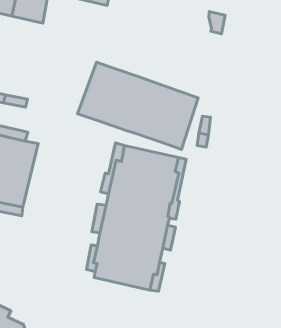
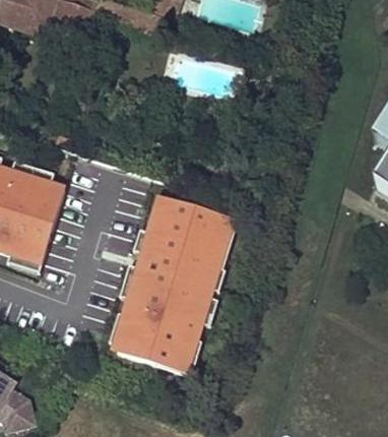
building: [78,62,198,150] -> none

